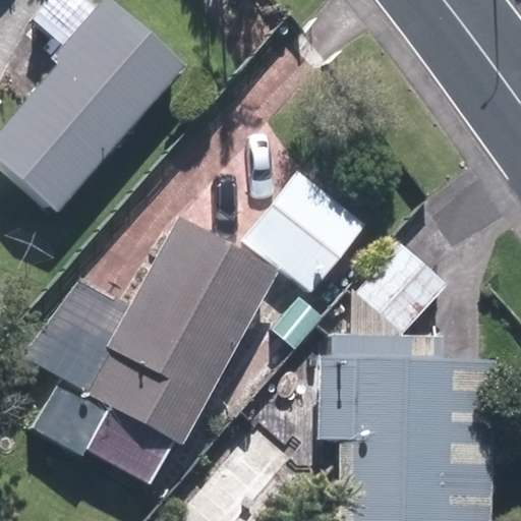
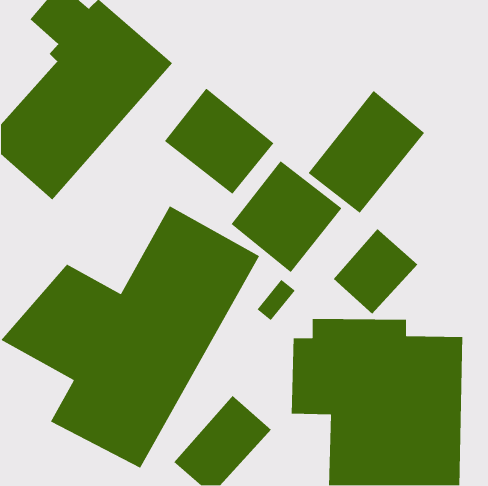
building: none -> [164,87,275,195]
building: none -> [307,90,425,214]

